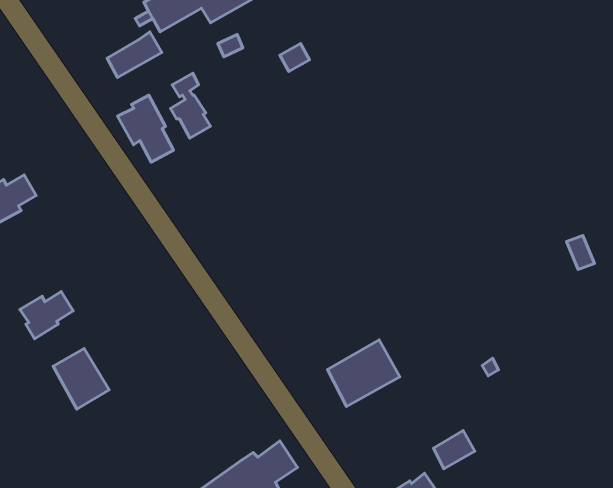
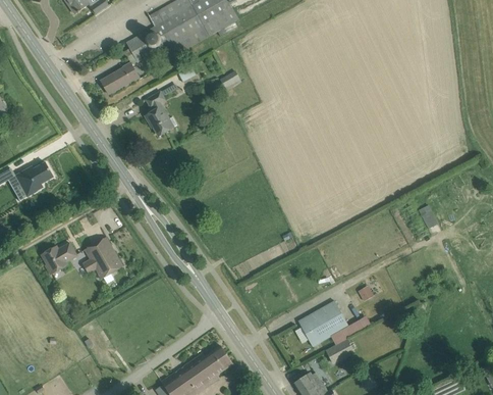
building: [118,95,174,162] -> none
building: [327,340,400,406] -> [298,300,348,346]
building: [53,349,109,409] -> [85,237,123,279]

